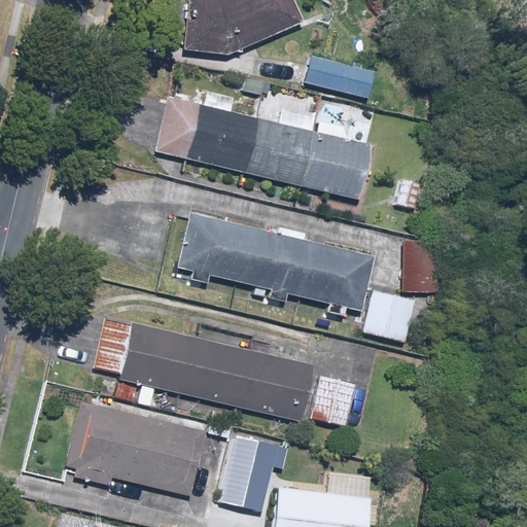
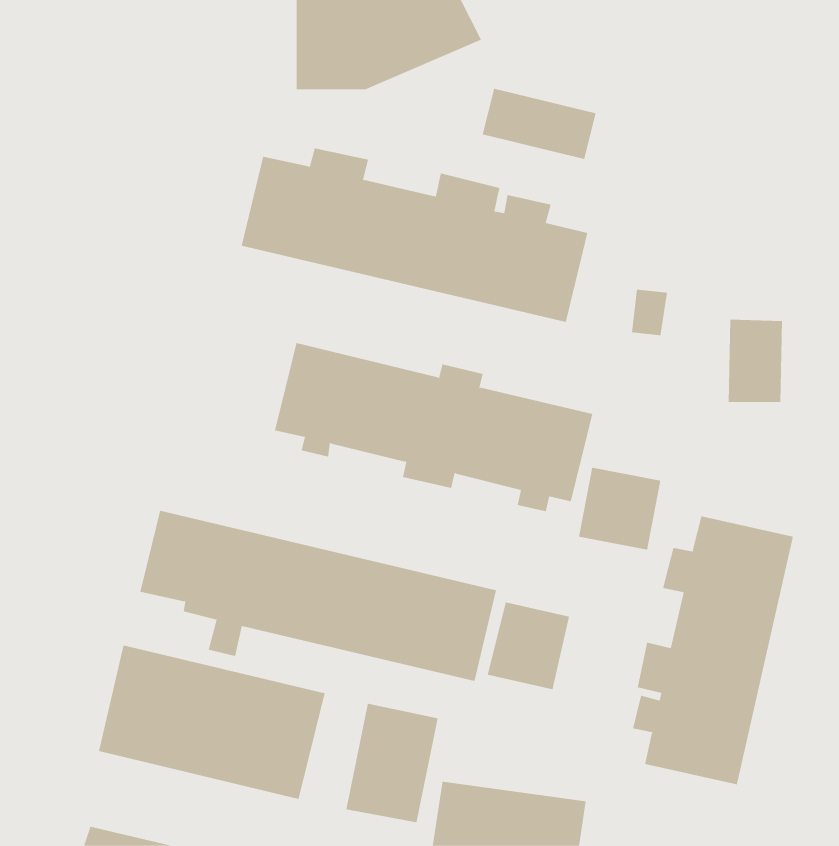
building: [402,240,436,291] -> [728,319,783,402]
building: none -> [632,516,794,785]

